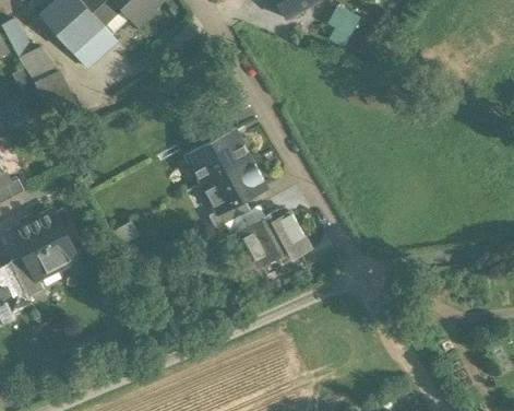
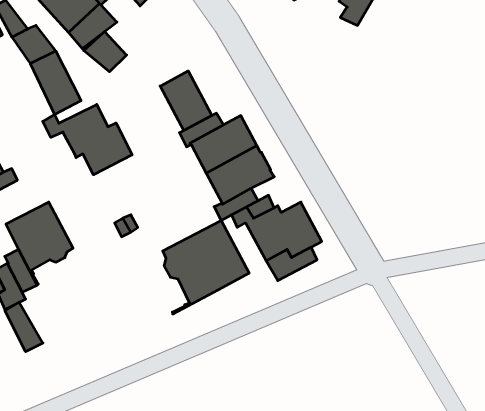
building: none -> [84,31,127,72]
building: none -> [160,71,212,130]
building: none -> [43,104,132,175]
building: none -> [163,221,249,314]
building: none -> [5,302,43,352]

